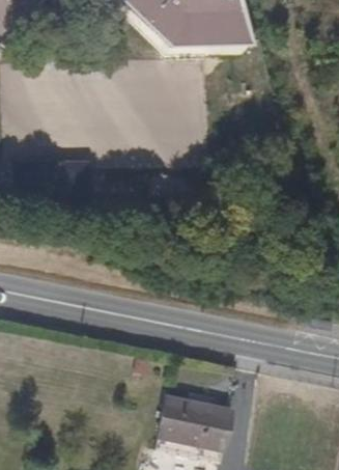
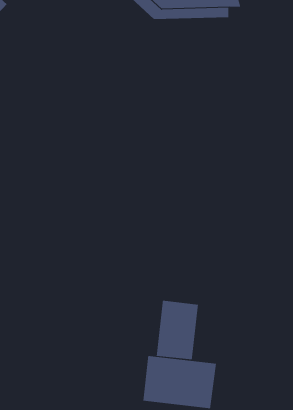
building: none -> [156,300,198,360]

